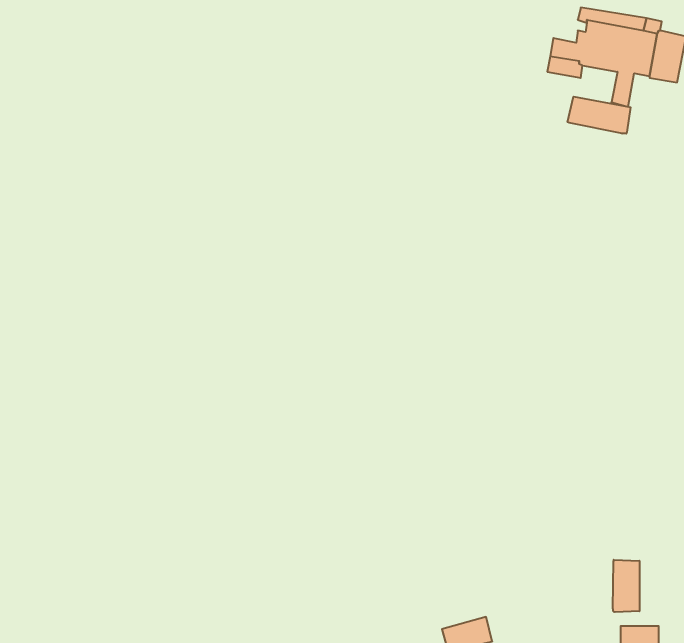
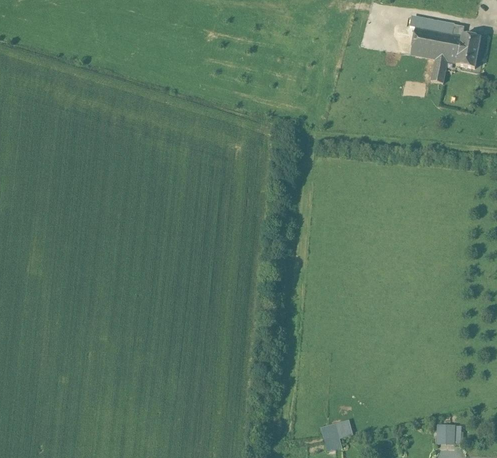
building: [568,97,631,134] -> none
building: [613,560,639,612] -> none

